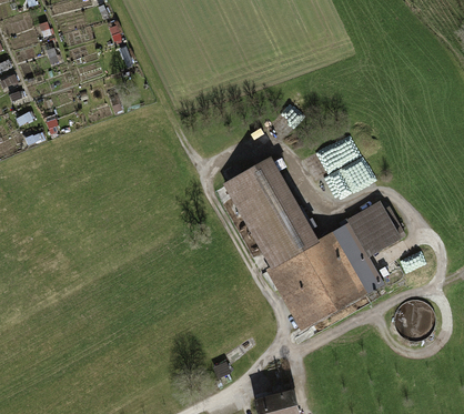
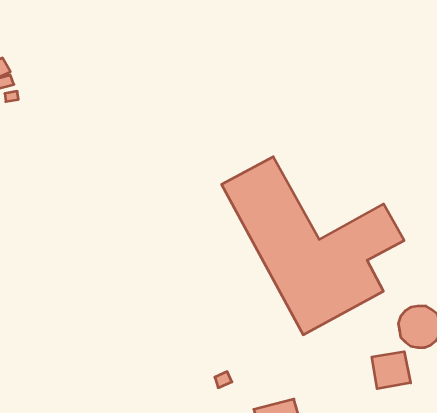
building: none -> [372,352,411,389]

